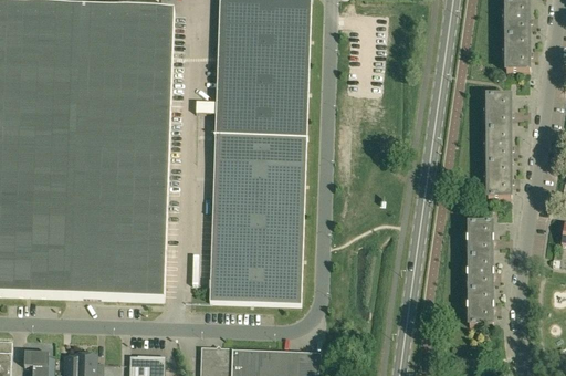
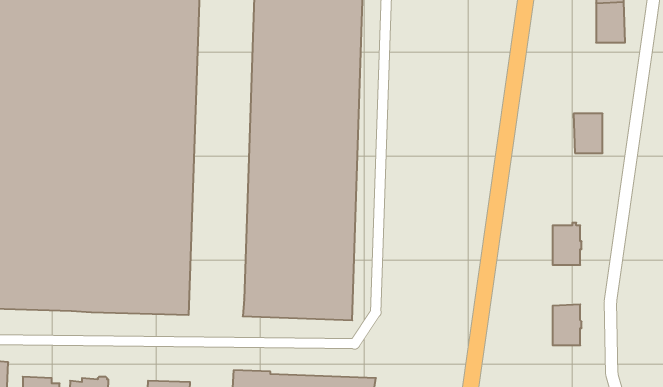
building: [486,94,511,128] -> none
building: [488,161,511,196] -> none
building: [469,255,493,290] -> none

